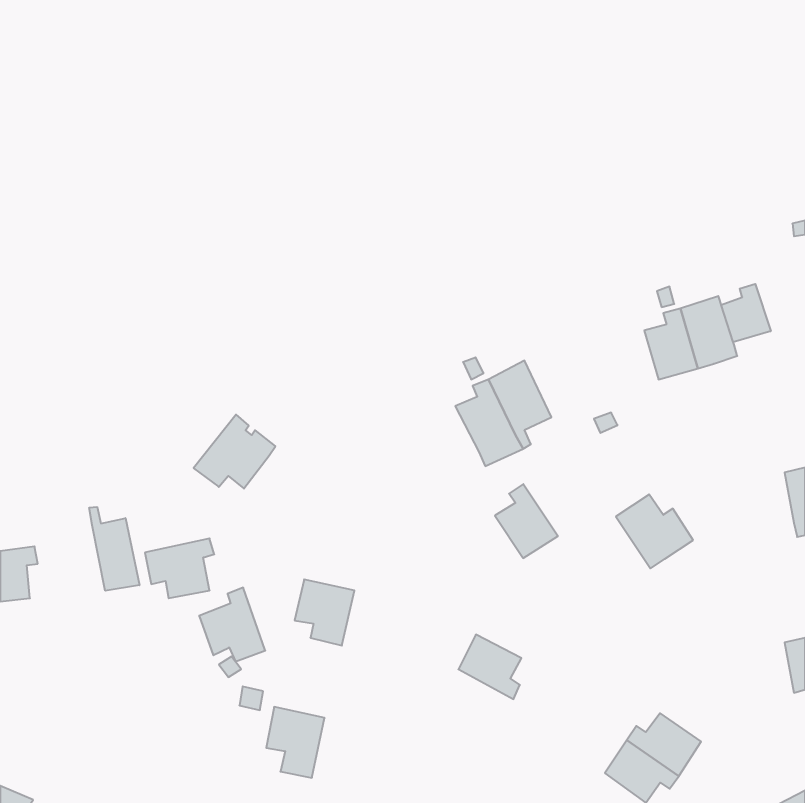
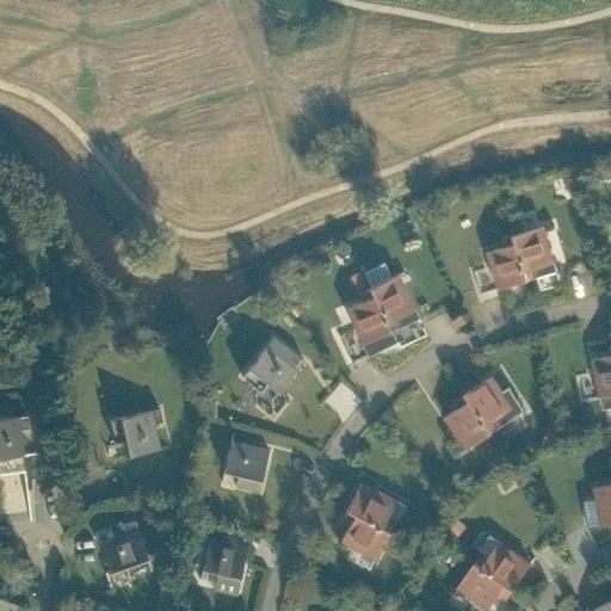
building: [721,284,771,342] -> none
building: [194,415,275,489] -> [241,337,303,393]
building: [495,484,558,558] -> [445,393,493,449]
building: [89,507,139,591] -> none
building: [199,588,265,662] -> [100,520,150,576]
building: none -> [340,508,389,558]

